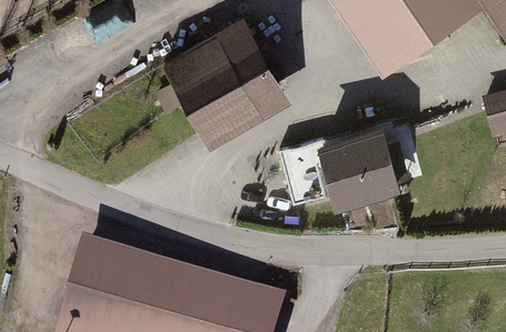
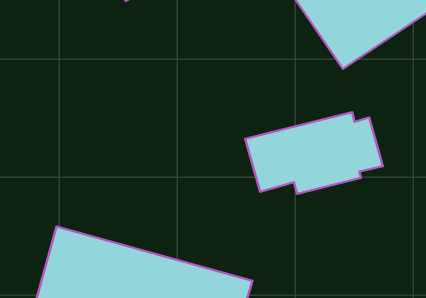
building: [162,17,292,150] -> none

